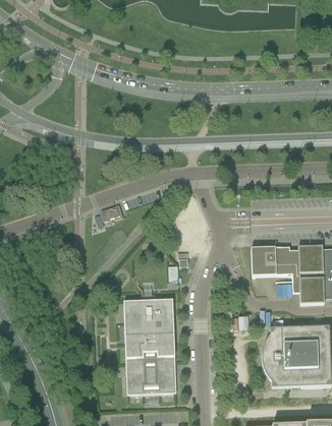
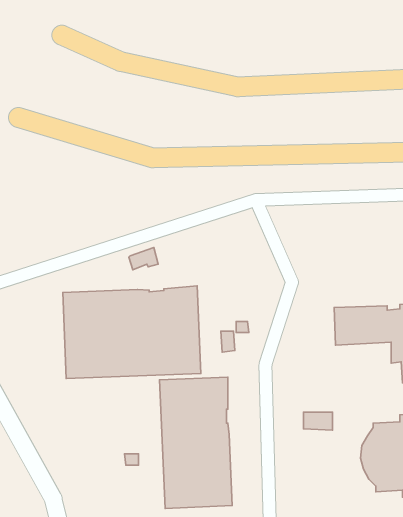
building: none -> [63,286,201,378]

